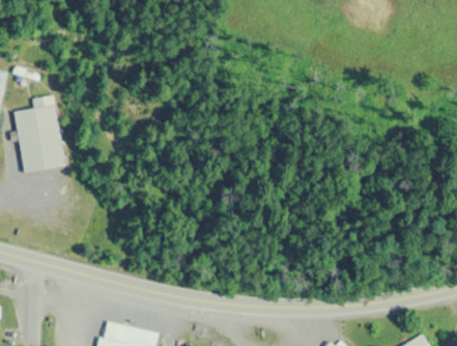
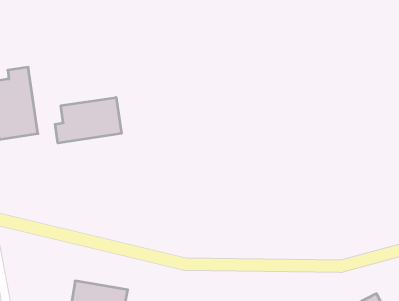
building: none -> [55,97,121,143]

